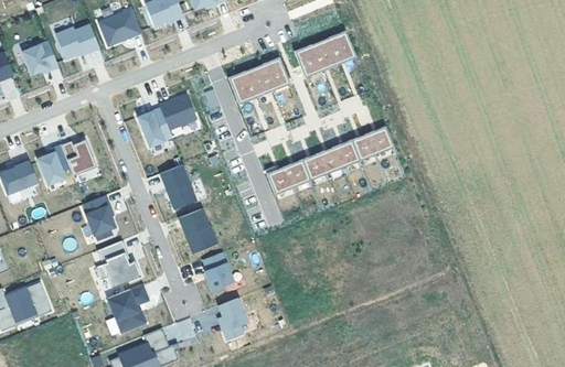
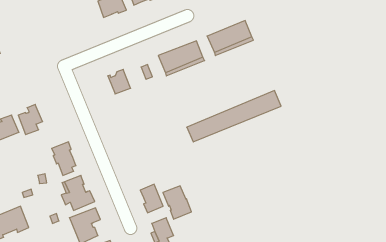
building: [98,8,142,46] -> none
building: [56,24,99,60] -> none
building: [23,41,58,75] -> none
building: [137,108,172,148] -> none
building: [61,139,96,175] -> none
building: [160,164,196,209] -> none
building: [179,208,217,253] -> [163,186,191,219]

